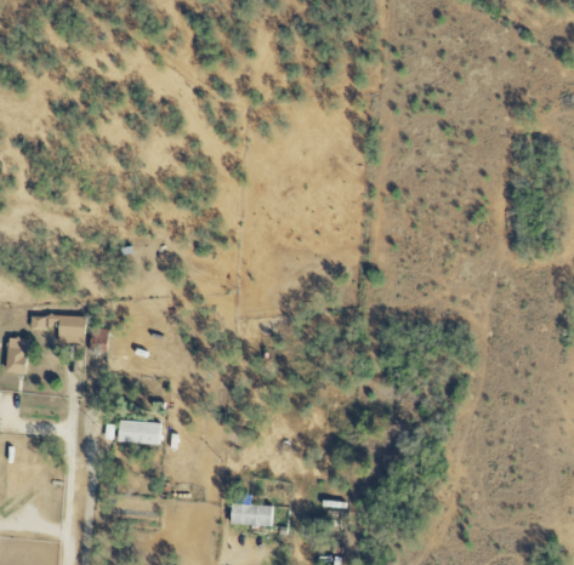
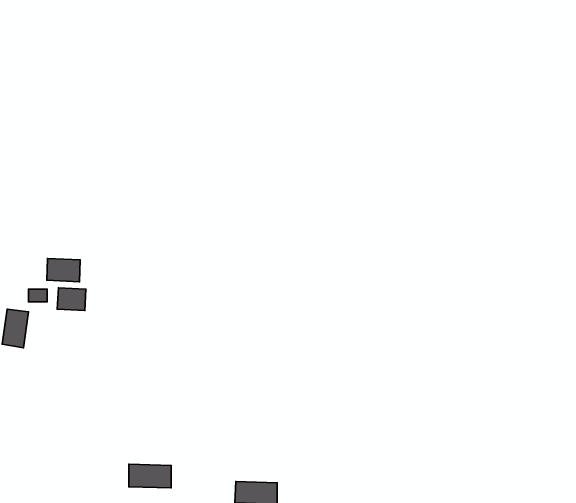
building: none -> [47,258,80,282]
building: [119,420,160,443] -> [129,464,171,488]

